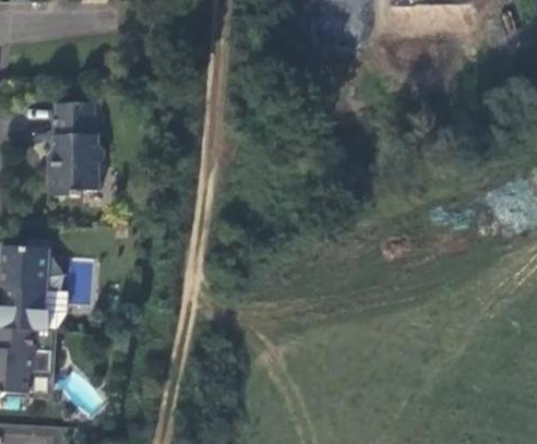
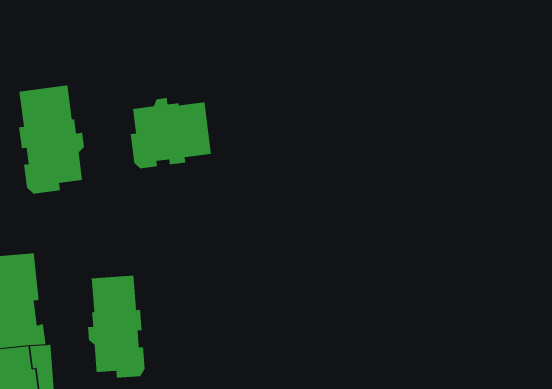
building: none -> [130,97,212,169]
building: none -> [88,275,145,379]

